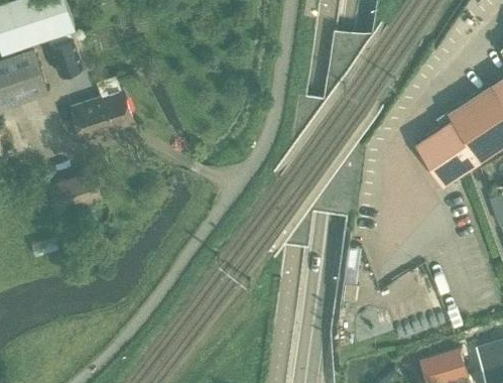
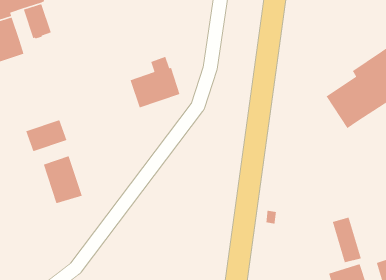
building: [71,78,133,142] -> [129,56,181,109]
building: none -> [43,155,83,204]
building: none -> [332,216,362,263]

